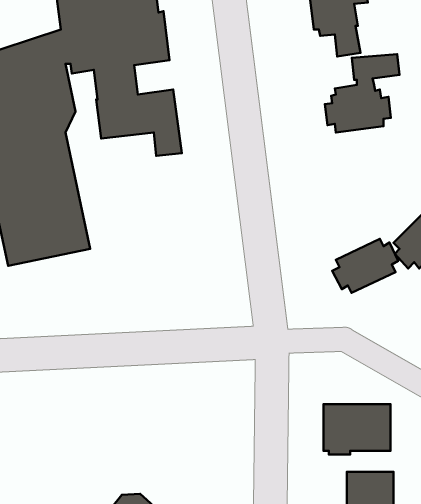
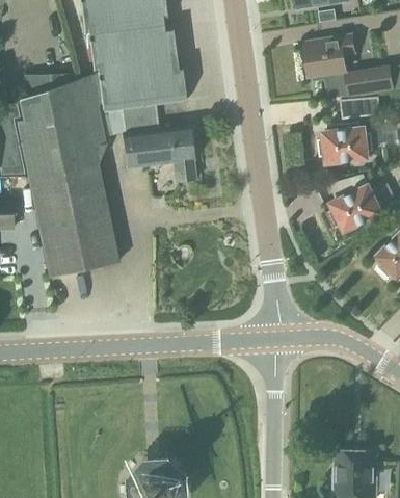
building: none -> [344,64,395,97]
building: [332,239,398,293] -> [328,184,384,230]
building: [323,404,391,455] -> none

